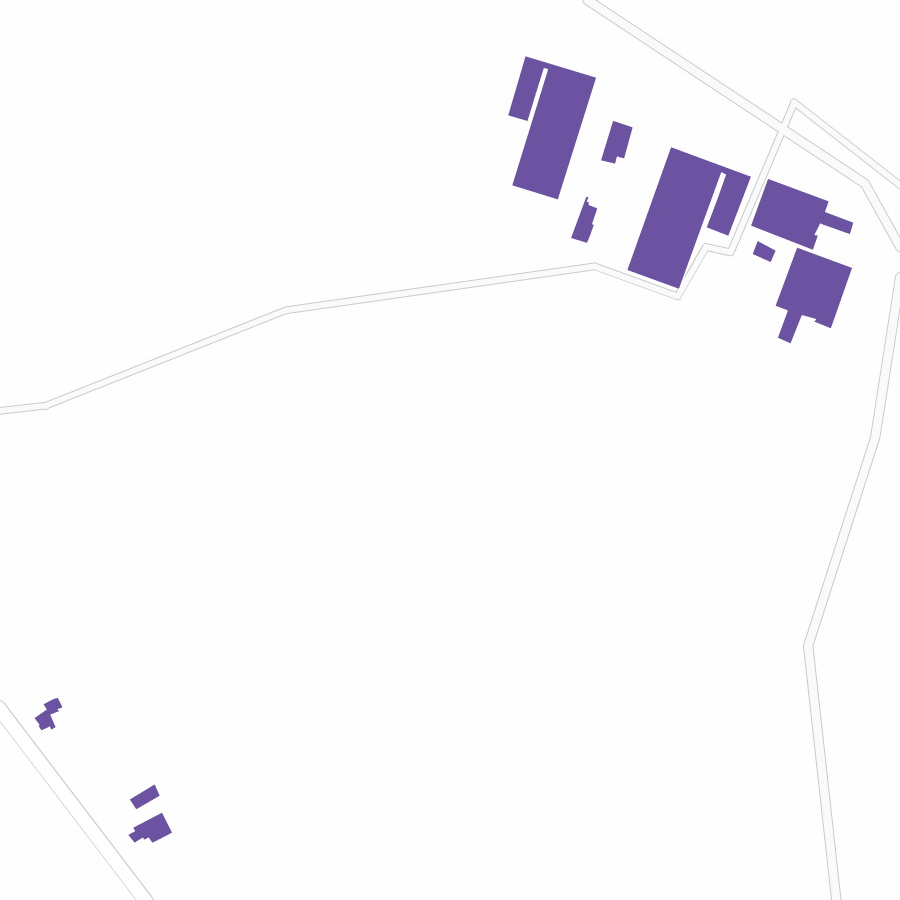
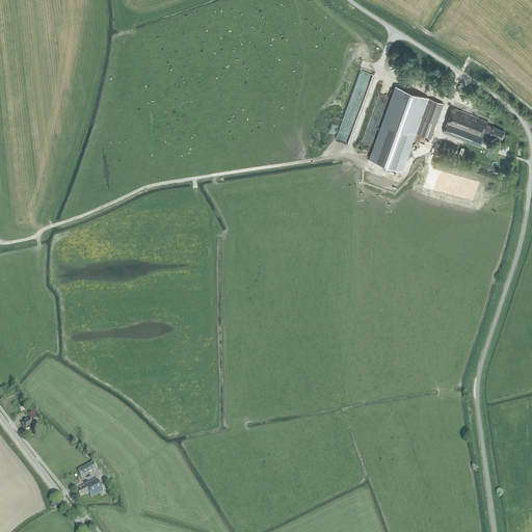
building: [507,55,597,200] -> none
building: [775,247,853,344] -> none

